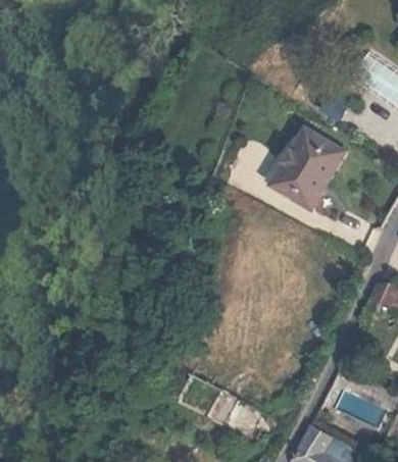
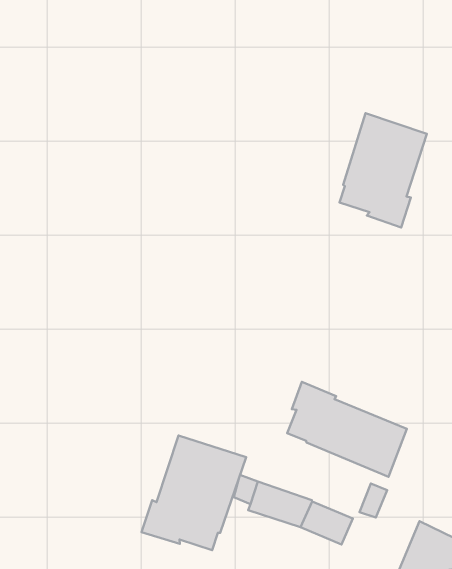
building: none -> [287,382,407,477]
building: none -> [141,435,246,550]

